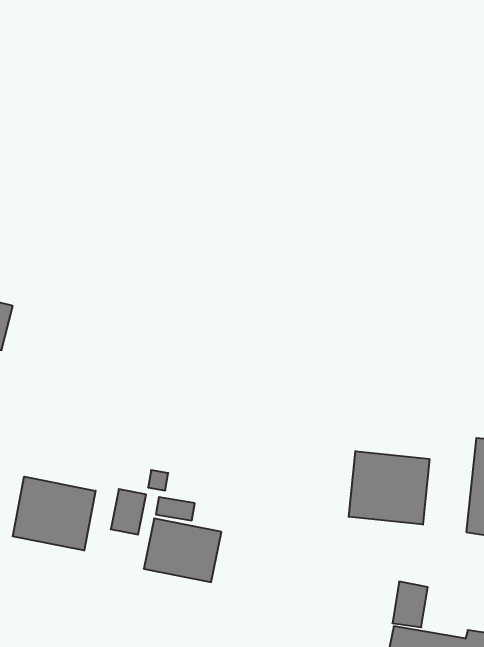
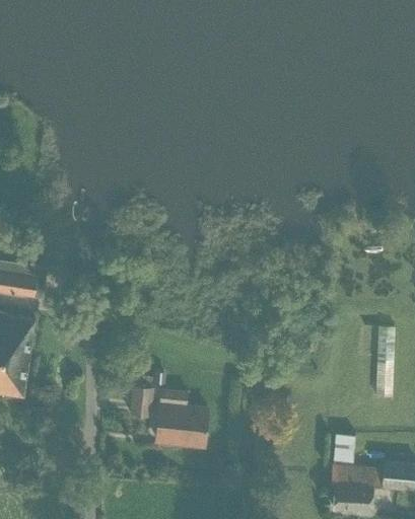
building: [349,451,429,525] -> none
building: [13,477,96,551] -> none

